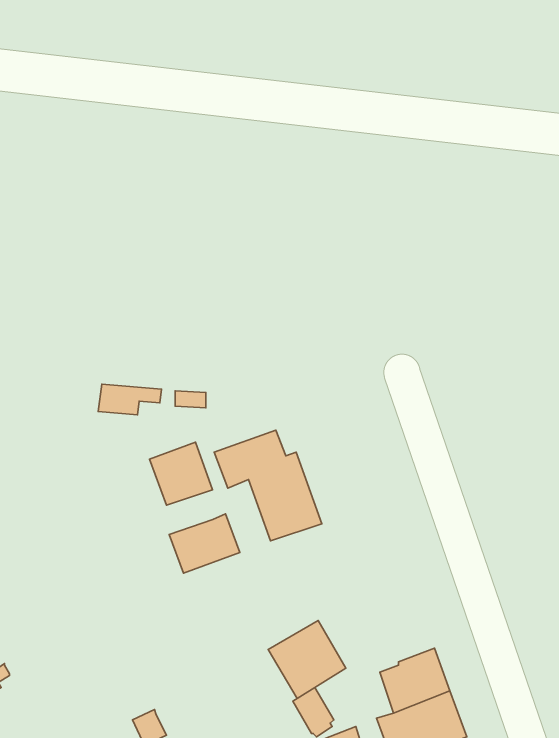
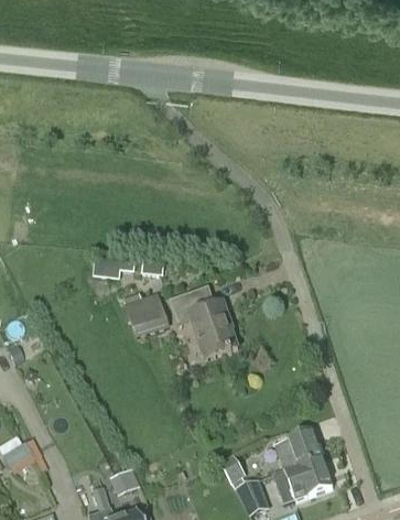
building: [169,514,240,573] -> none
building: [268,620,346,698] -> none

